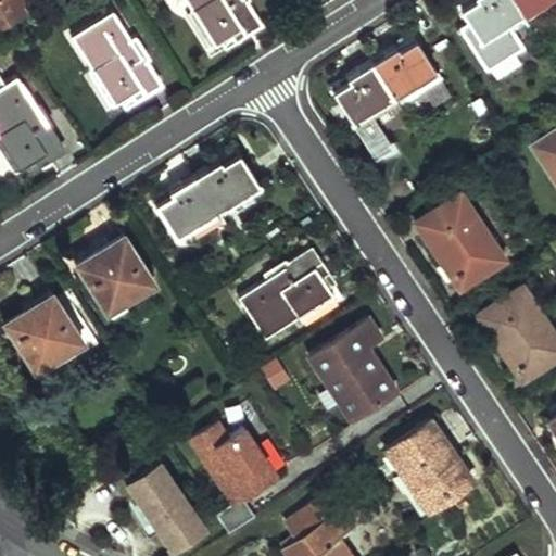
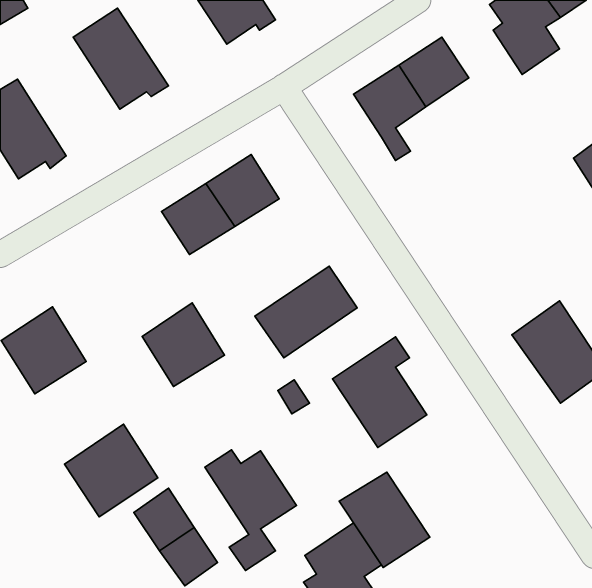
building: [416,197,504,292] -> none
building: [78,236,155,314] -> [142,303,225,386]
building: none -> [64,424,158,517]
building: [391,422,476,511] -> [339,472,430,568]

